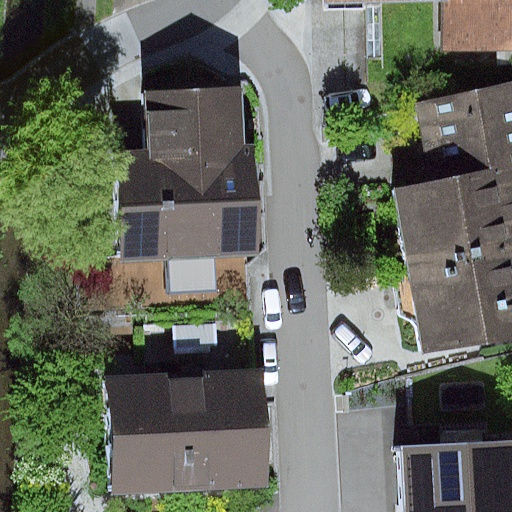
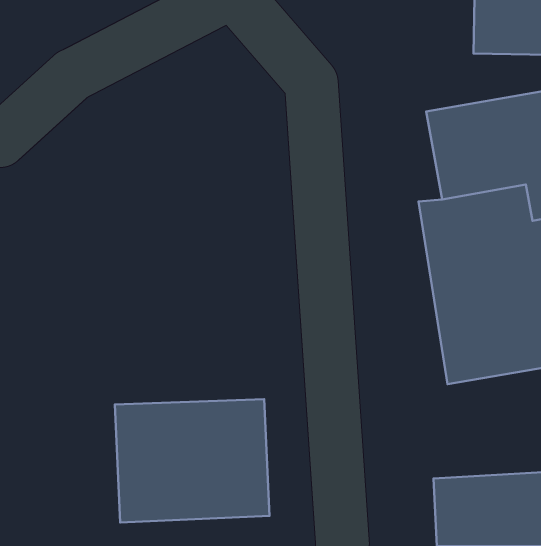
building: [116,93,248,305] -> none

